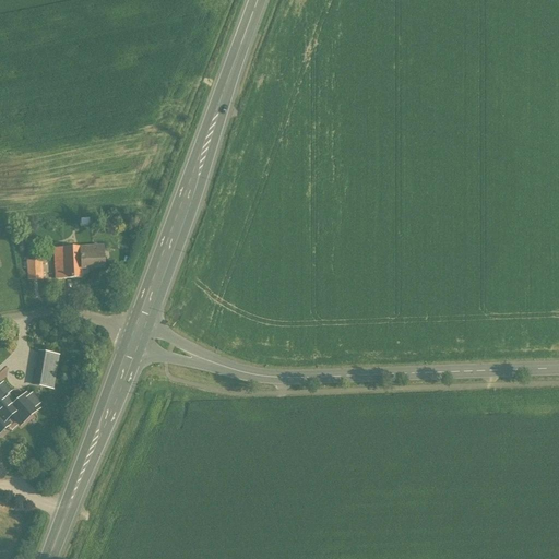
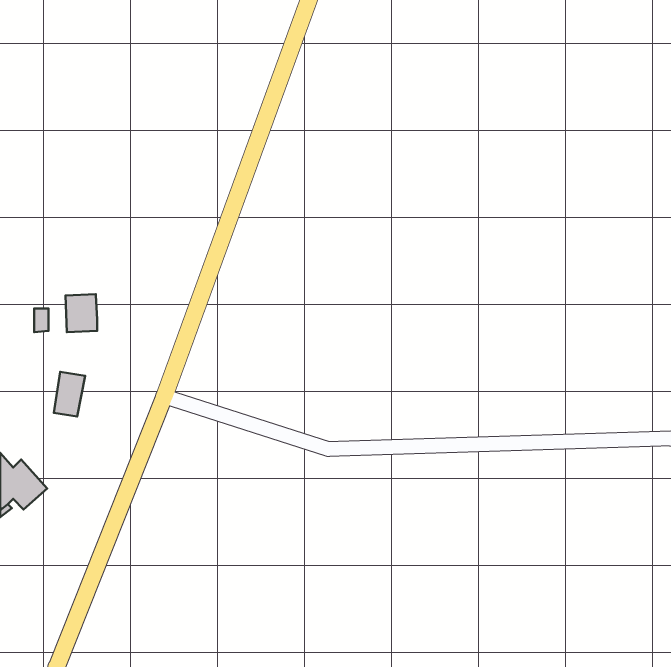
building: [80,245,104,265] -> none
building: [33,349,59,386] -> [54,372,85,417]

